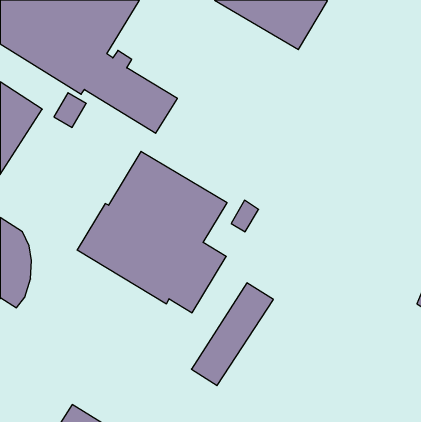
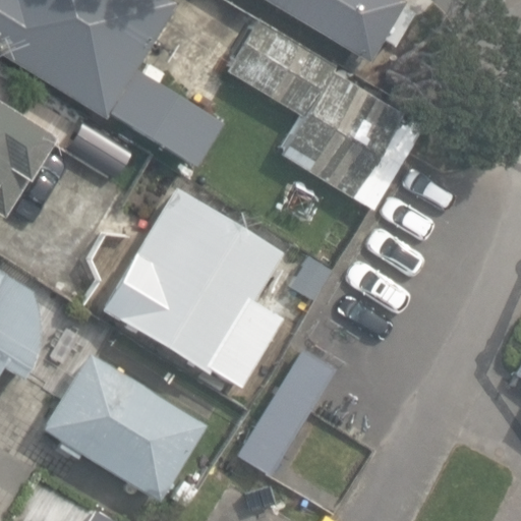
building: none -> [226,19,403,198]
building: none -> [41,350,208,501]

